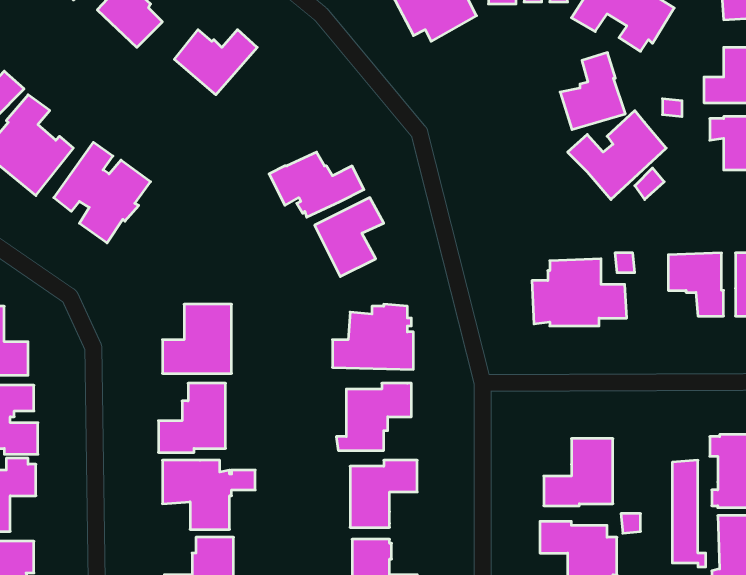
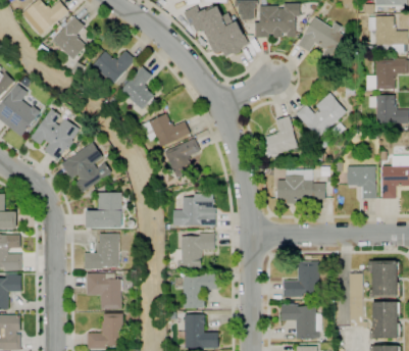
building: [560,53,625,130] -> [264,116,298,156]
building: none -> [120,66,153,109]
building: none -> [60,143,111,193]

